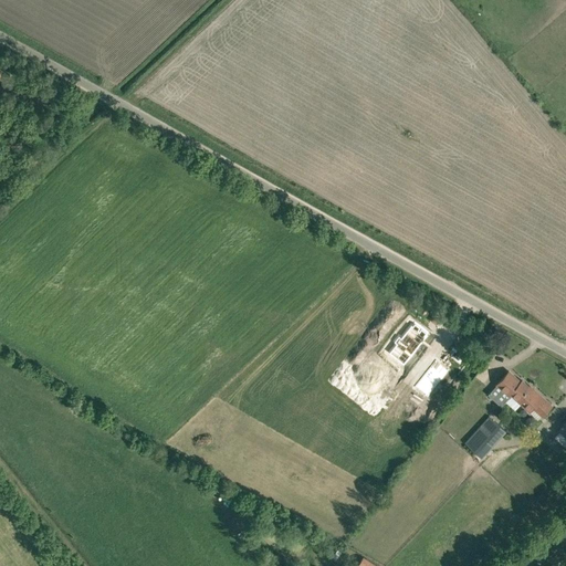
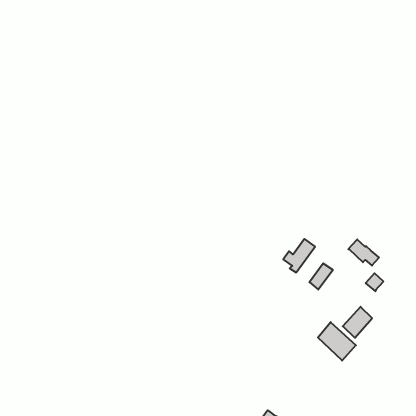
building: [510,381,552,417] -> [348,239,379,266]
building: none -> [318,322,356,361]

